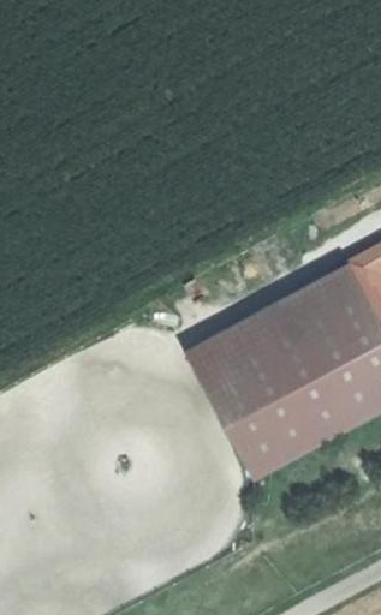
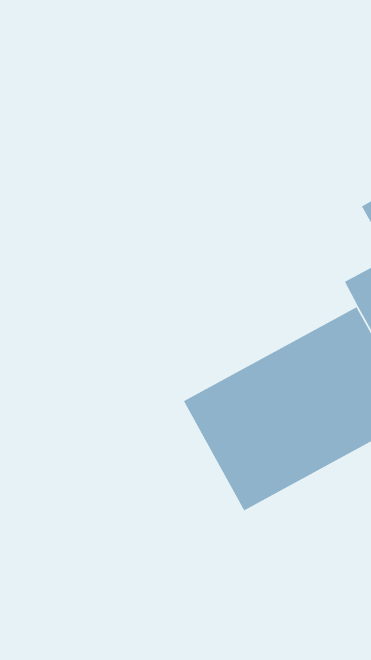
building: [187,263,361,374] -> none

